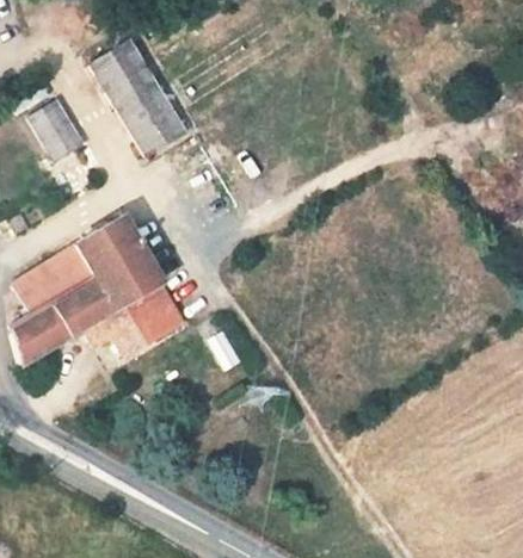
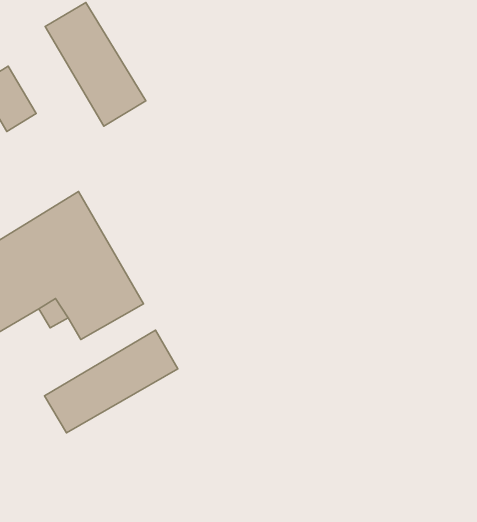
building: none -> [45,330,178,433]

